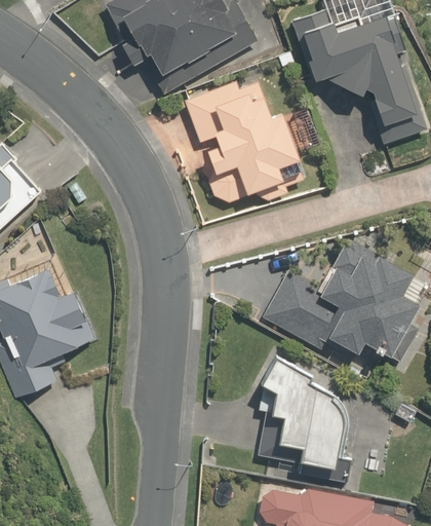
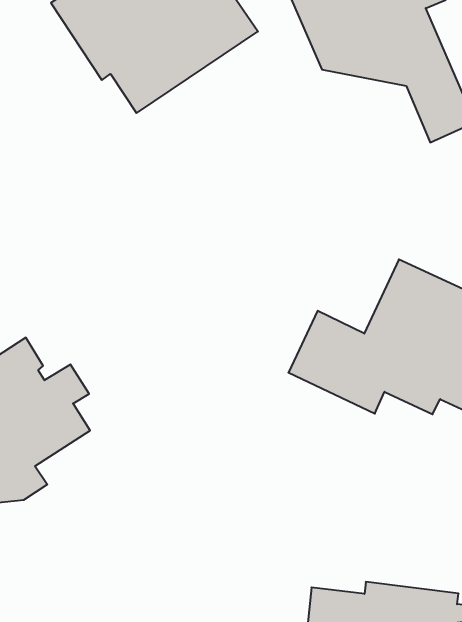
building: [178,68,311,211] -> none
building: [253,351,356,485] -> none

